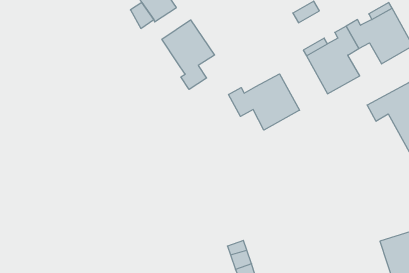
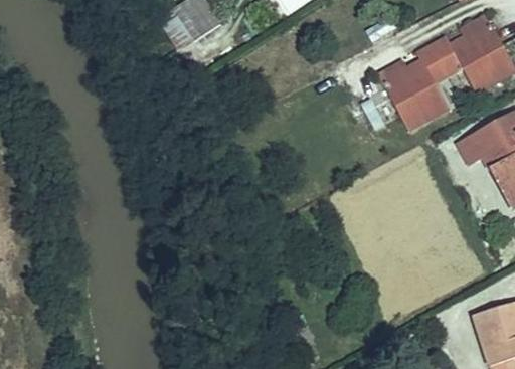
building: [162,20,215,89] -> none
building: [229,74,300,130] -> none

